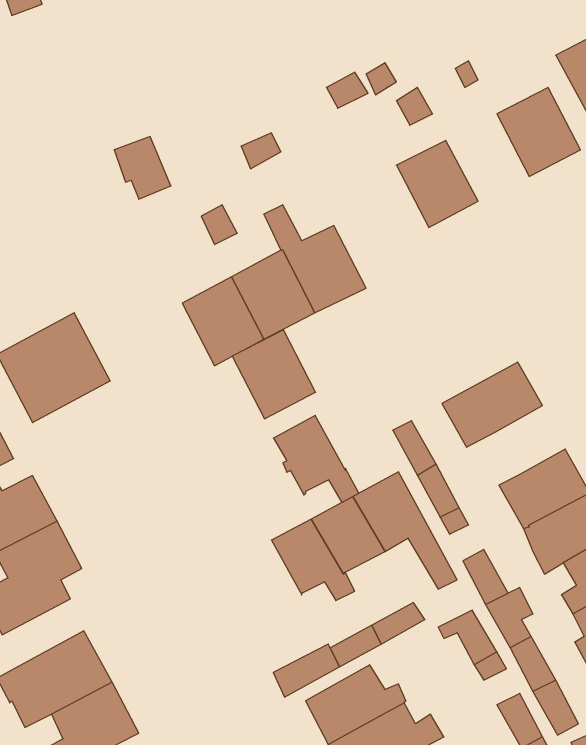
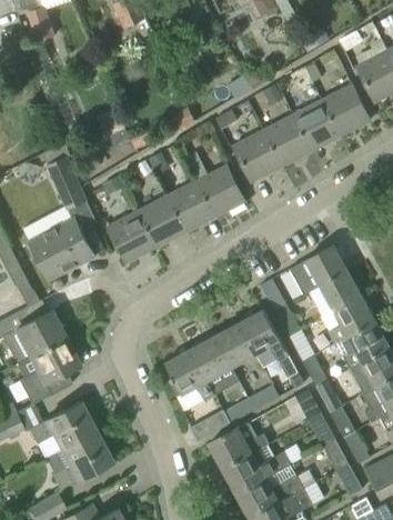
building: none -> [291,99,340,150]
building: none -> [232,129,281,181]
building: none -> [41,142,87,210]
building: [232,330,316,419] -> [107,210,155,262]
building: none -> [320,270,361,311]
building: [273,415,359,503] -> [164,349,214,400]

